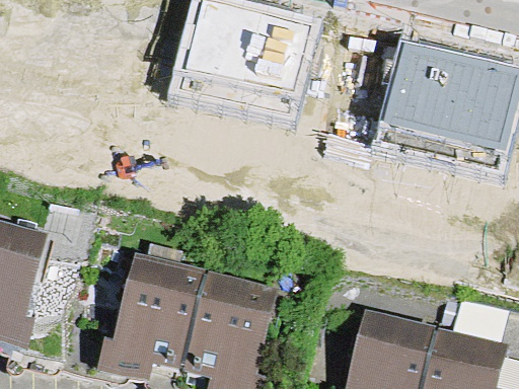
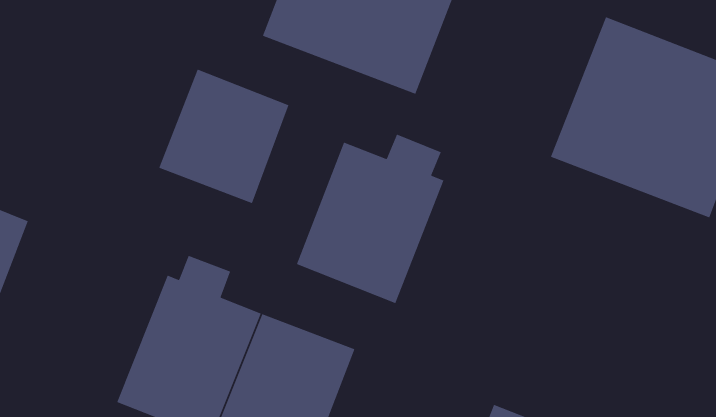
building: none -> [158,69,289,204]
building: none -> [296,133,444,304]

